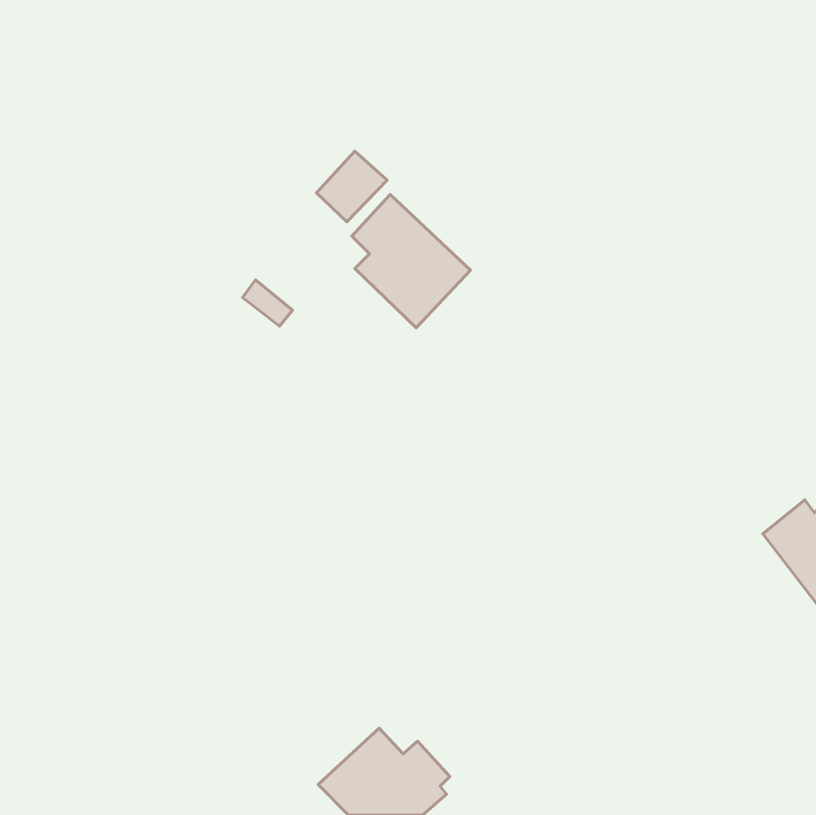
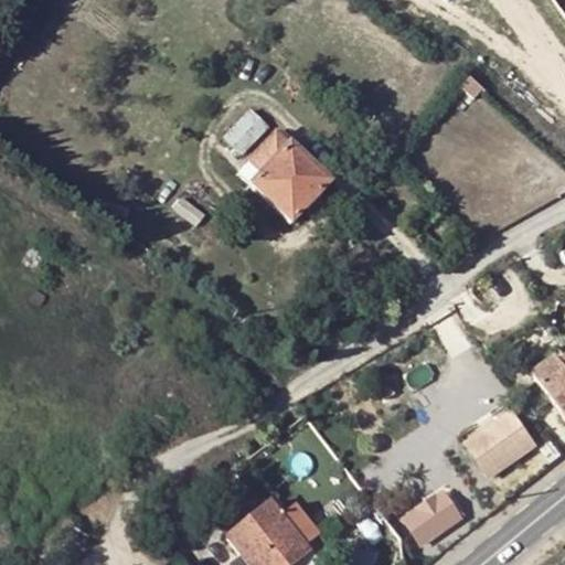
building: none -> [472,403,548,475]
building: none -> [409,482,473,542]

